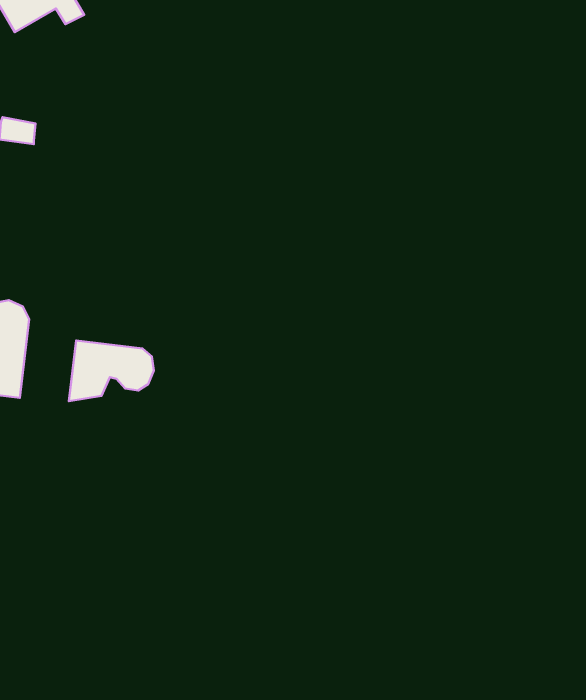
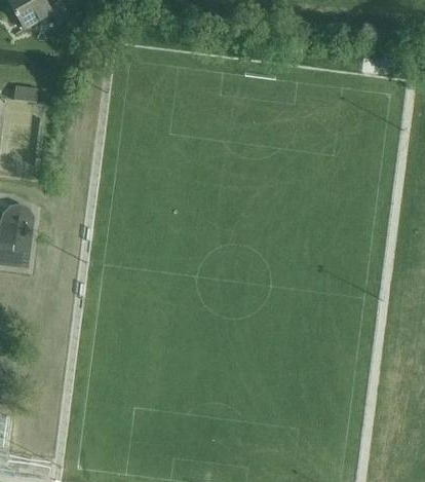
building: [69,340,154,401] -> none

